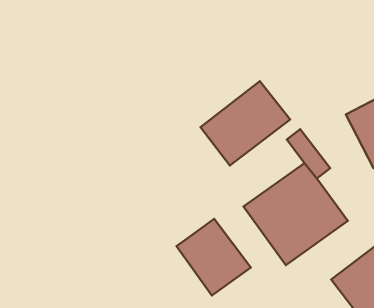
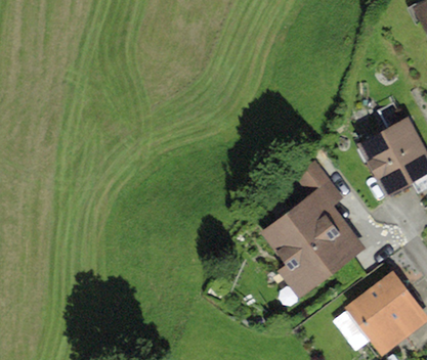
building: [201,81,290,165] -> none
building: [177,219,251,295] -> none

